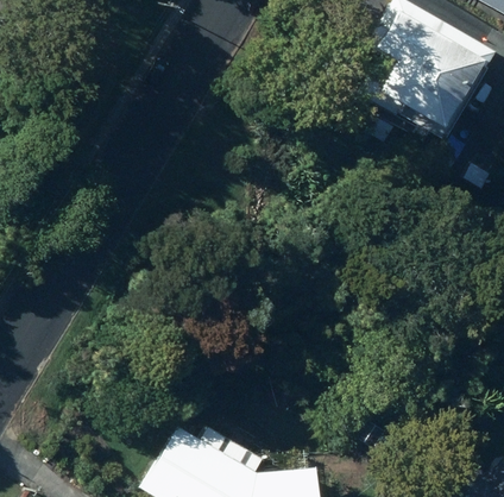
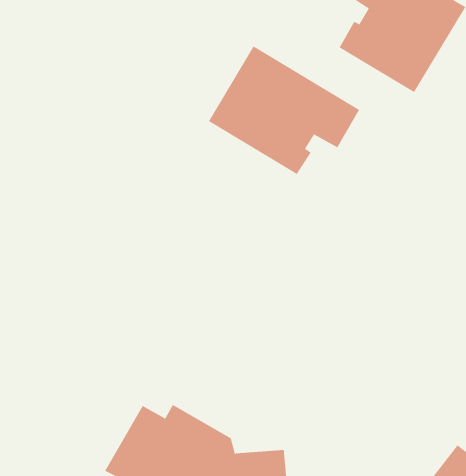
building: none -> [208,45,360,175]

